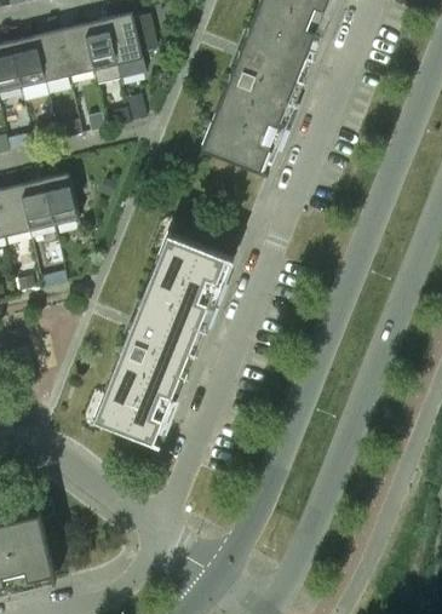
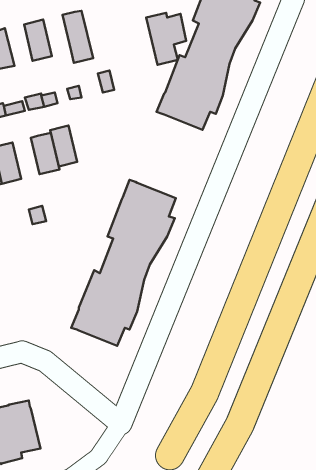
building: [105,15,156,80] -> [146,13,186,65]
building: [57,25,92,78] -> none
building: [8,38,44,90] -> none
building: [18,180,52,233] -> [50,125,77,167]

